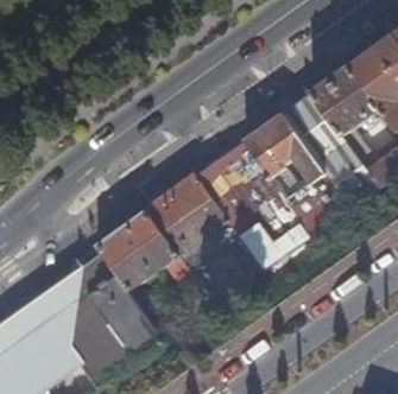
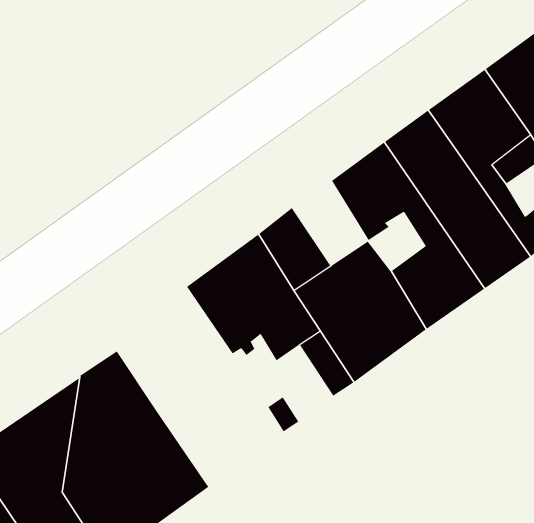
building: [225,134,276,191] -> none
building: [102,205,198,287] -> none

